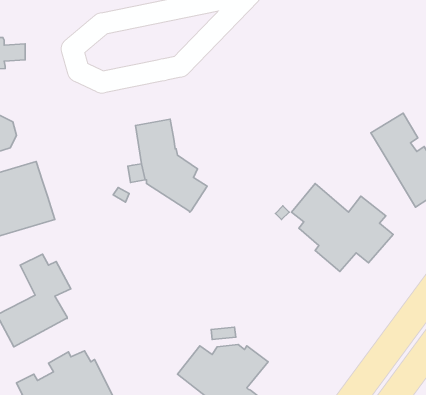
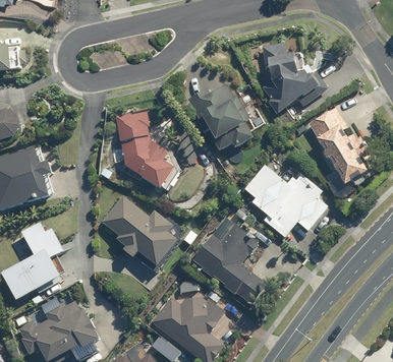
building: none -> [262,43,328,113]
building: none -> [187,82,256,148]
building: none -> [102,194,178,263]
building: none -> [192,225,265,303]

